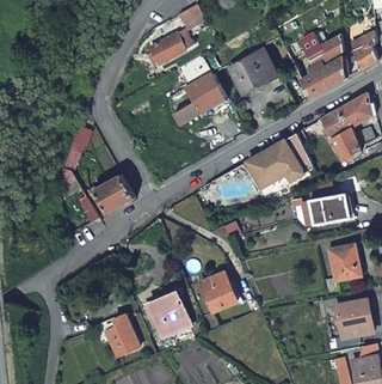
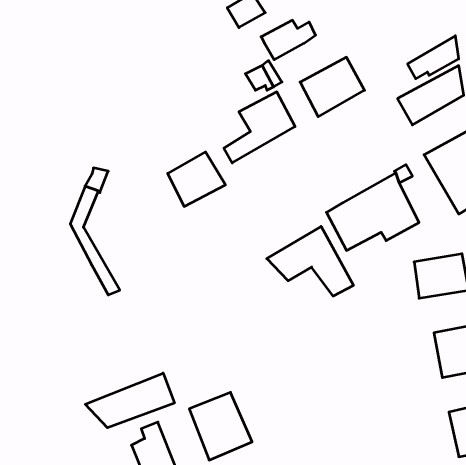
building: [150,33,190,62] -> [261,20,316,60]
building: none -> [267,226,353,296]
building: [91,175,133,214] -> [168,152,225,206]
building: [199,272,236,312] -> none
building: none -> [85,373,174,428]

